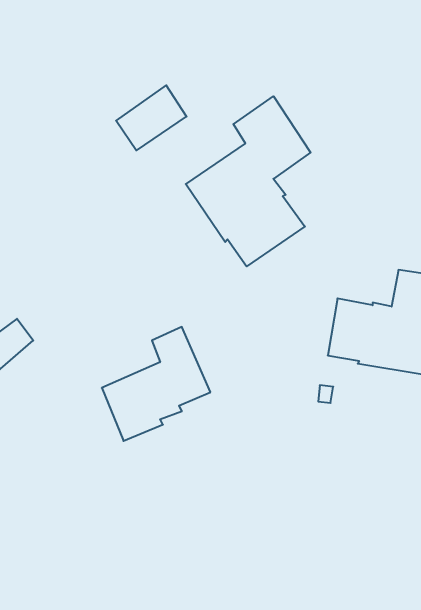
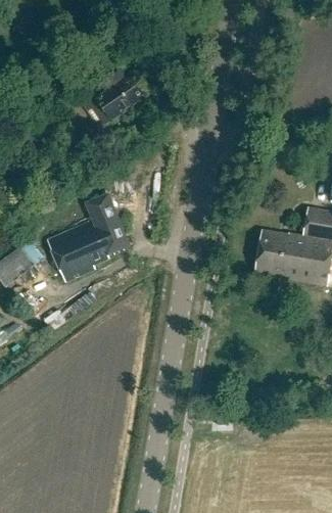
building: [186,96,311,266] -> none
building: [102,327,210,441] -> [47,193,129,279]

